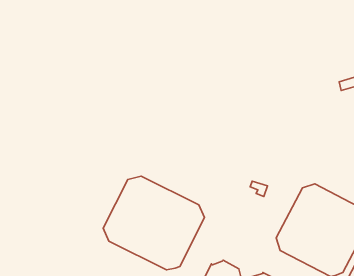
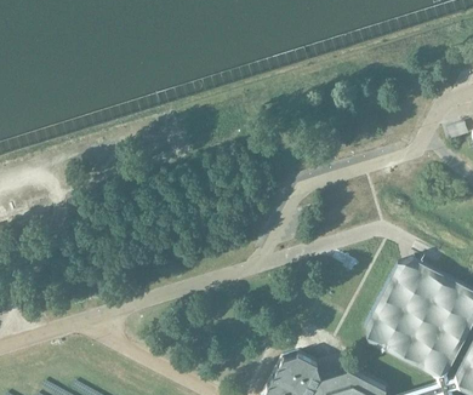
building: [103,176,204,270] -> none

